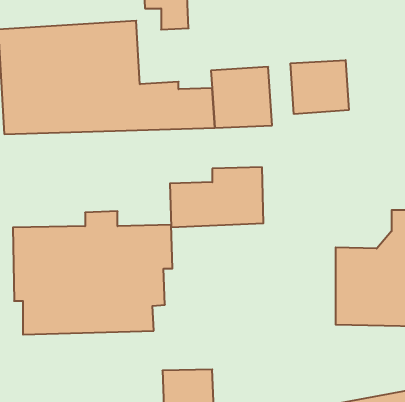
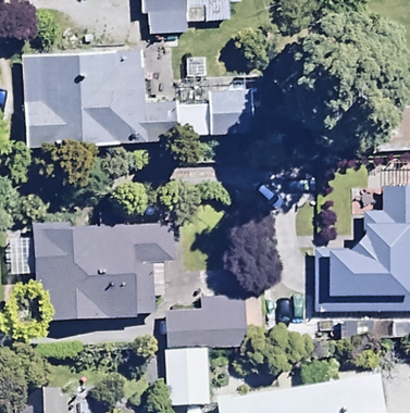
building: [291,60,349,114] -> none
building: [170,167,263,227] -> [165,296,247,348]

